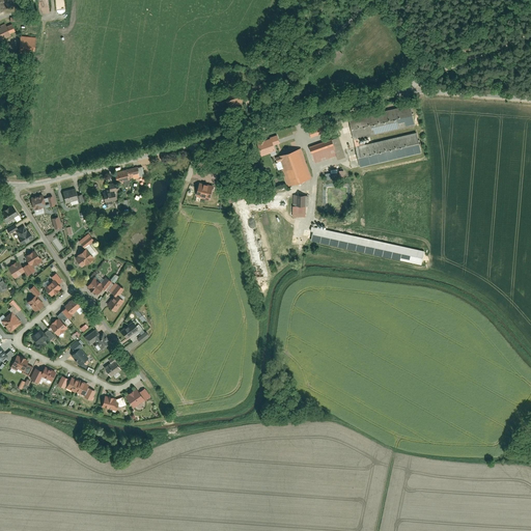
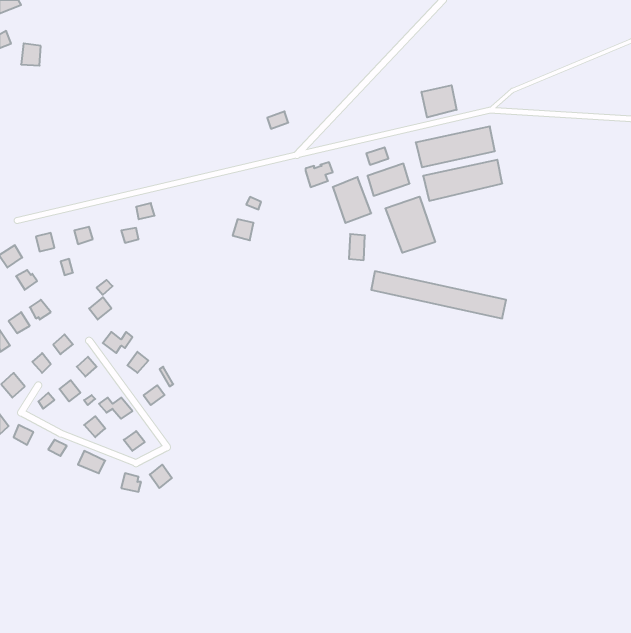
building: none -> [422,85,457,117]
building: none -> [385,197,435,253]

